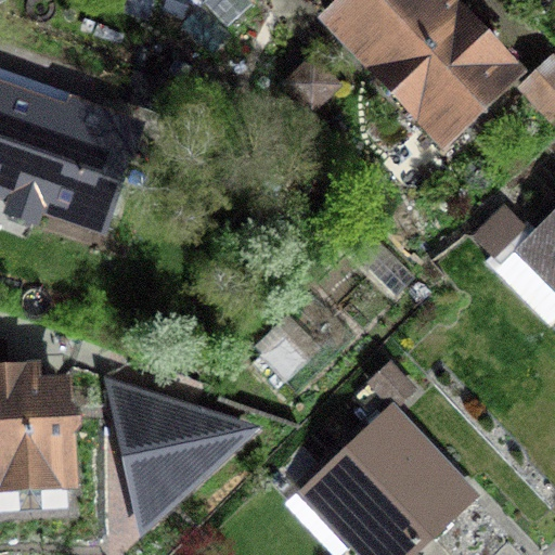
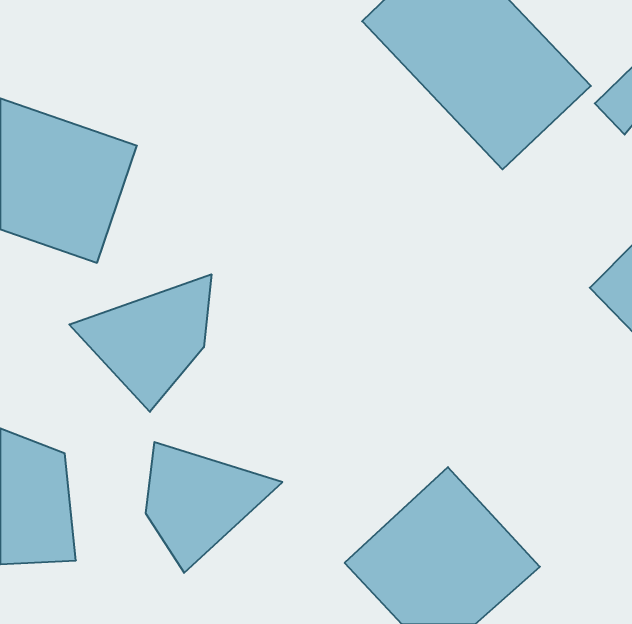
building: none -> [69,274,211,412]

